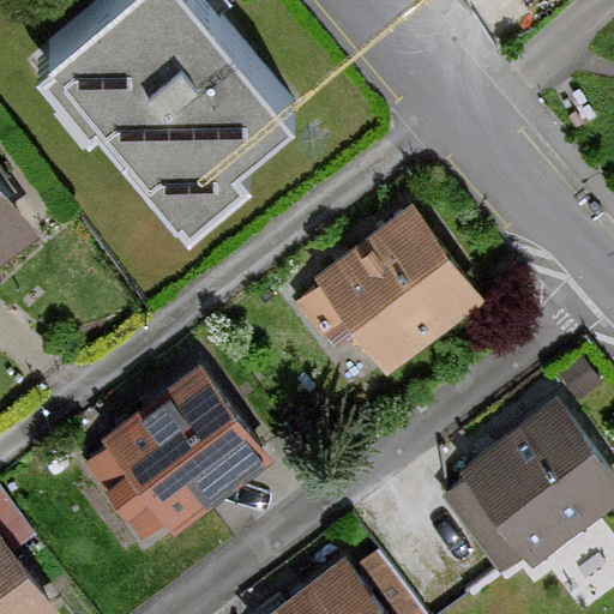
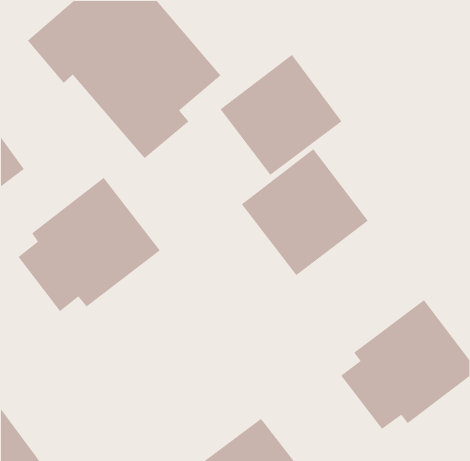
building: none -> [219,54,342,176]
building: [84,365,271,541] -> [17,177,161,312]

